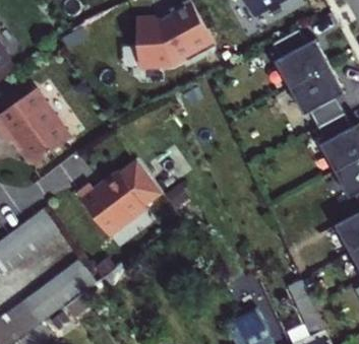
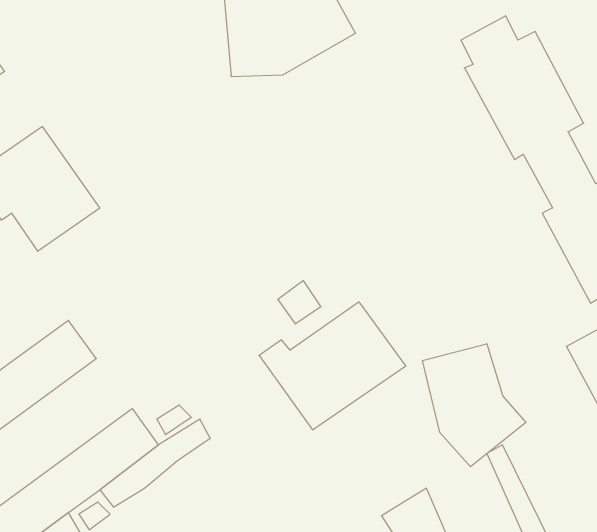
building: [77,161,164,236] -> [259,302,406,430]
building: none -> [422,344,526,467]

